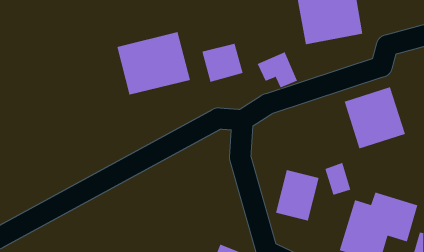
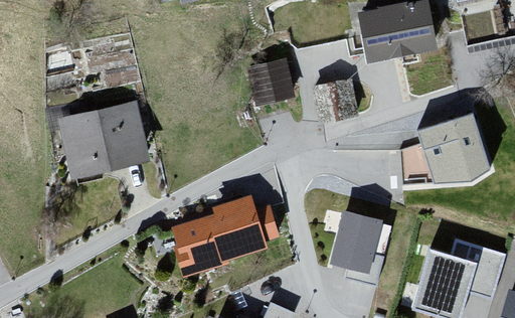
building: [116,32,191,95] -> [57,101,147,177]
building: none -> [165,195,276,281]
building: [324,162,351,196] -> [395,139,427,179]

